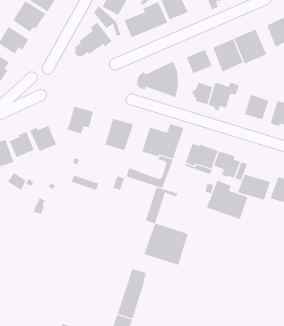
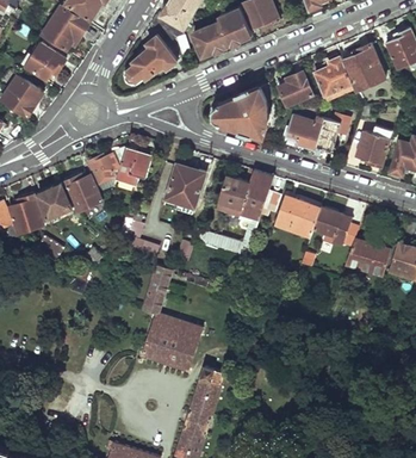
building: none -> [88,148,125,190]
building: [206,180,248,220] -> none
building: [143,187,189,266] -> [141,265,201,371]

